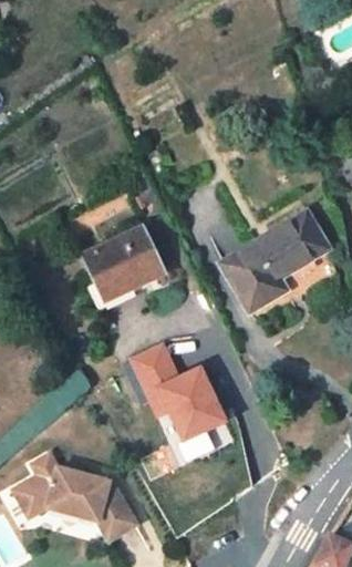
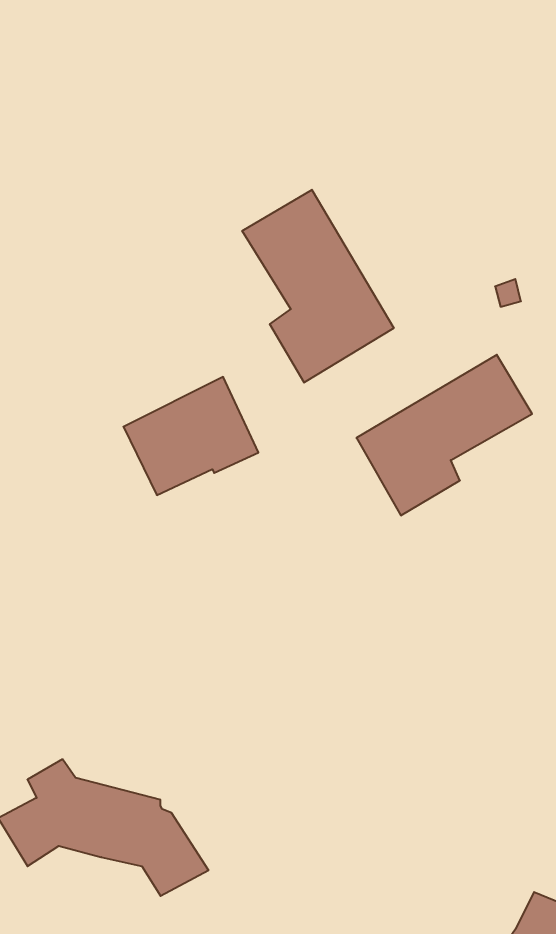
building: none -> [242,190,394,383]
building: [130,339,235,452] -> none

